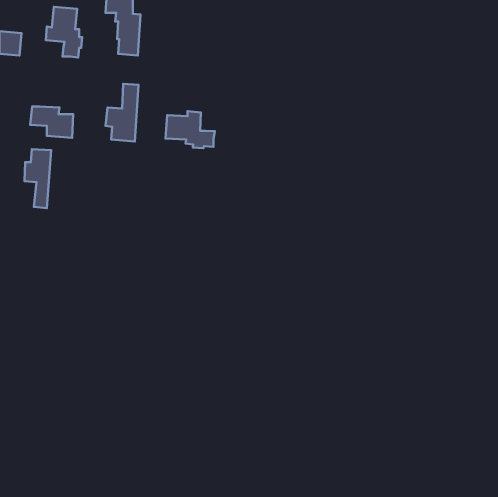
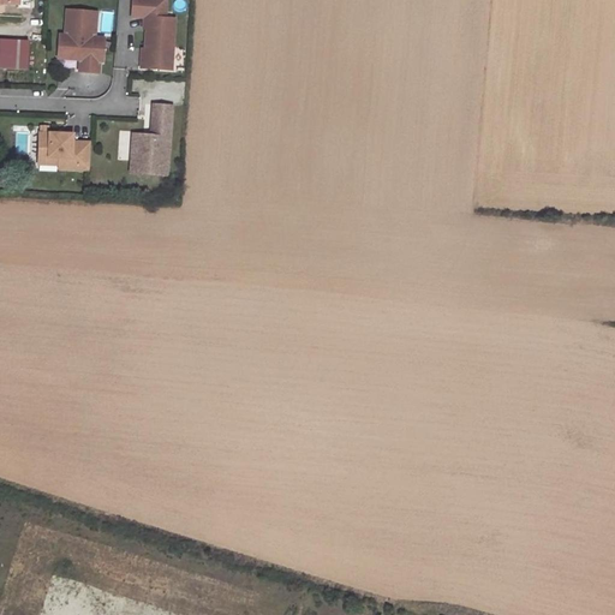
building: [166,111,215,148] -> none
building: [24,149,51,208] -> none

